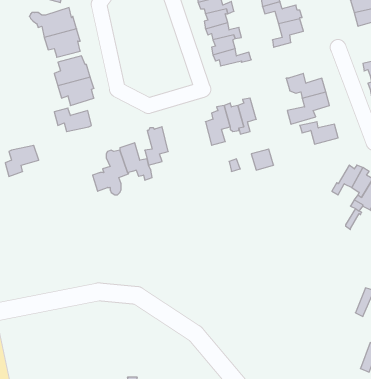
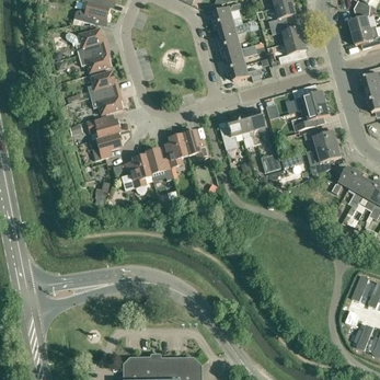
building: none -> [182,129,209,160]
building: none -> [310,143,342,176]
building: [5,145,39,176] -> [92,134,122,161]

